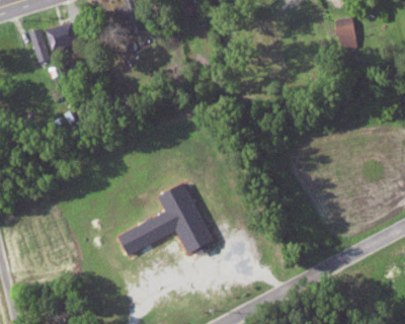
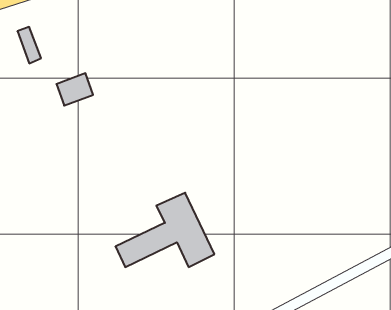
building: [330,16,354,51] -> none
building: [46,19,80,50] -> [56,73,93,106]

